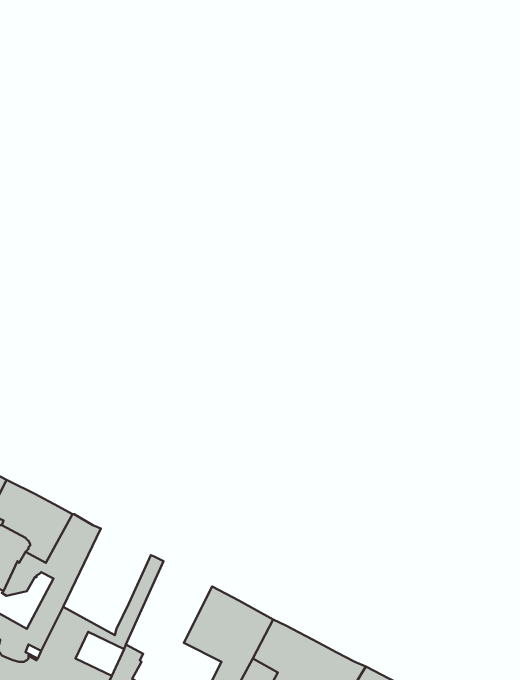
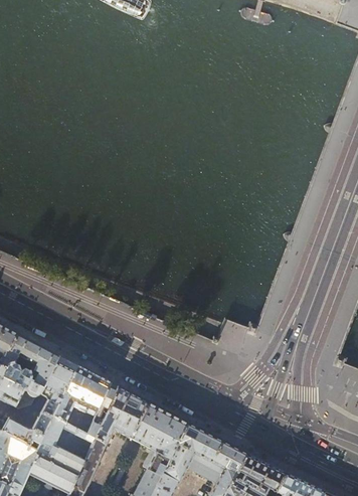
building: none -> [52,366,109,435]
building: none -> [93,387,148,447]

